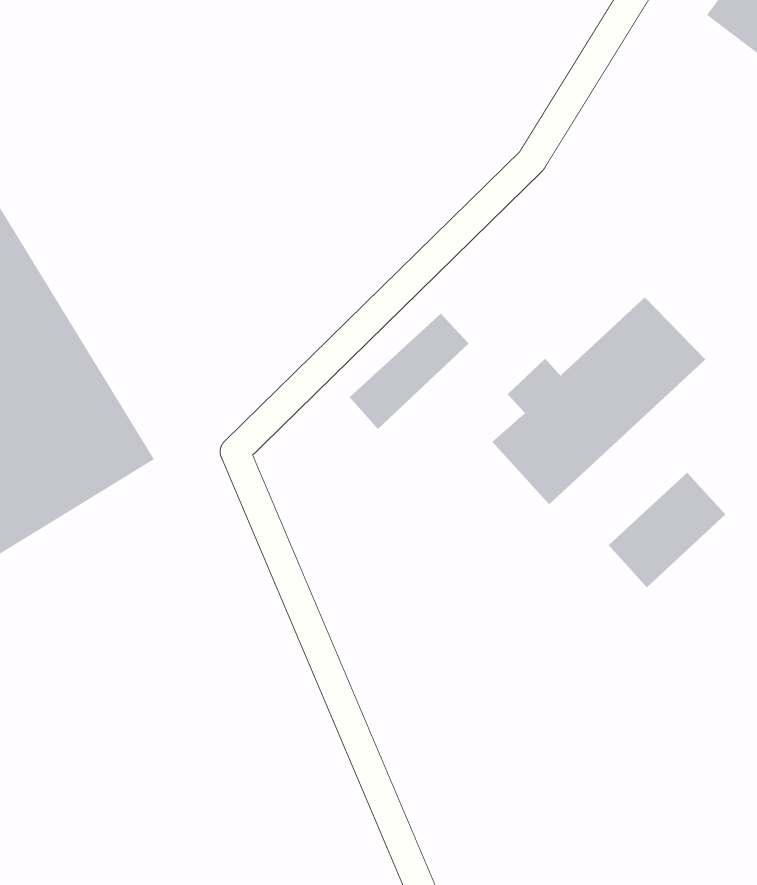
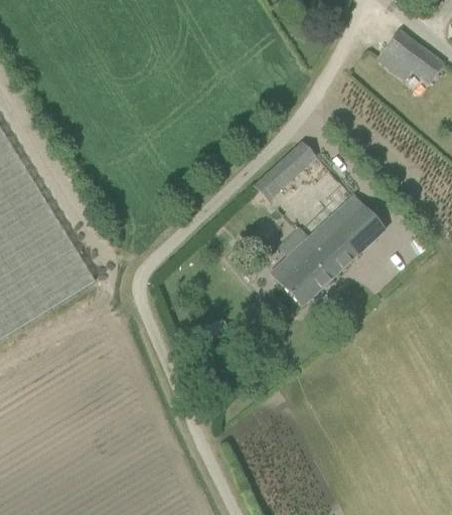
building: [349,313,470,430] -> [252,139,315,200]
building: [608,472,726,588] -> none

